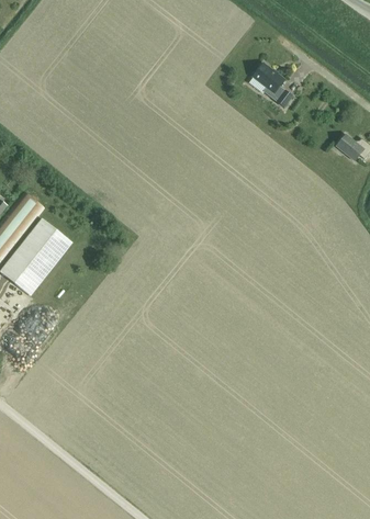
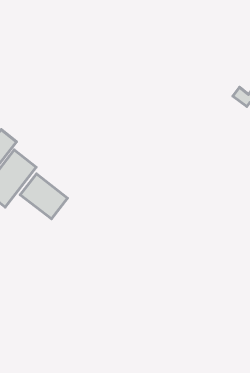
building: [251,63,291,106] -> none
building: none -> [20,174,68,219]

